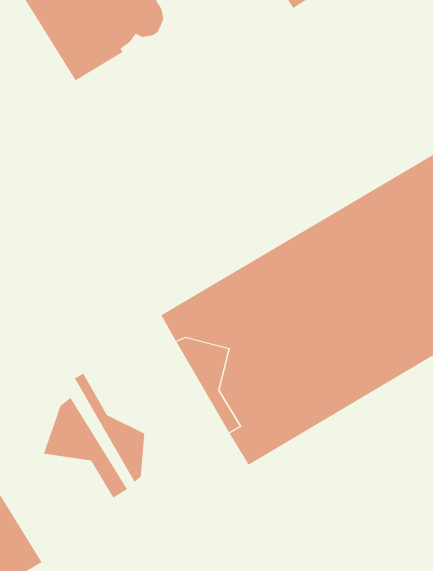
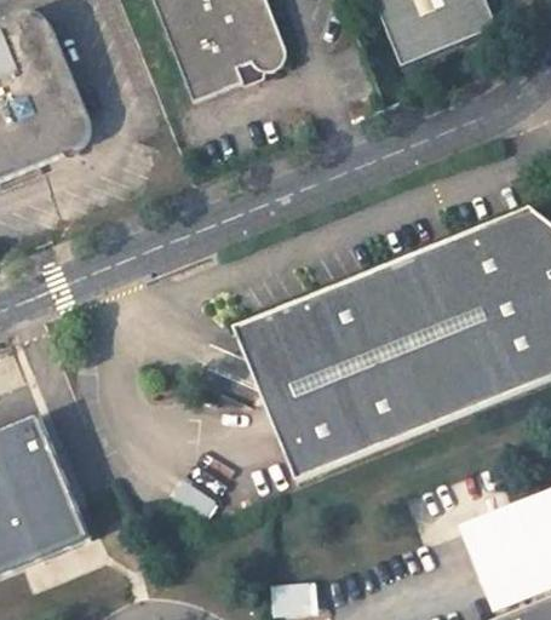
building: [74,373,145,483] -> none
building: [43,397,128,498] -> none

